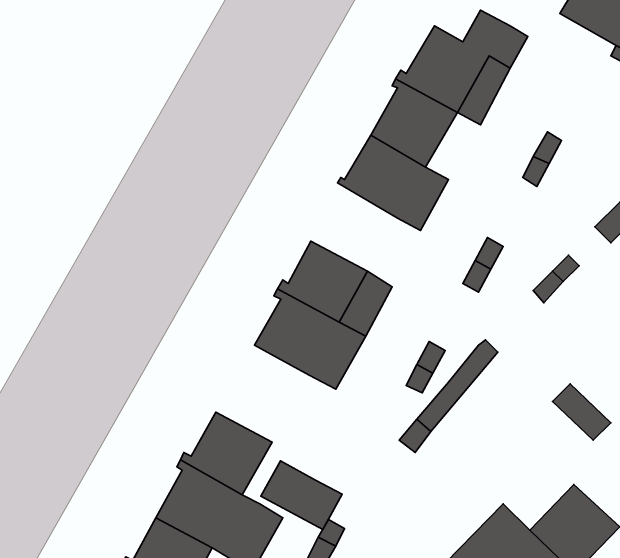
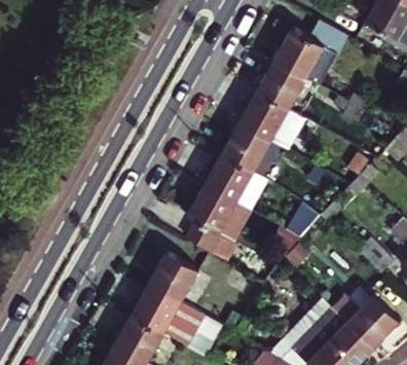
building: none -> [221,120,271,172]
building: [261,461,342,530] -> [188,221,235,261]

